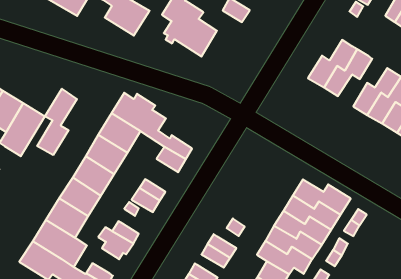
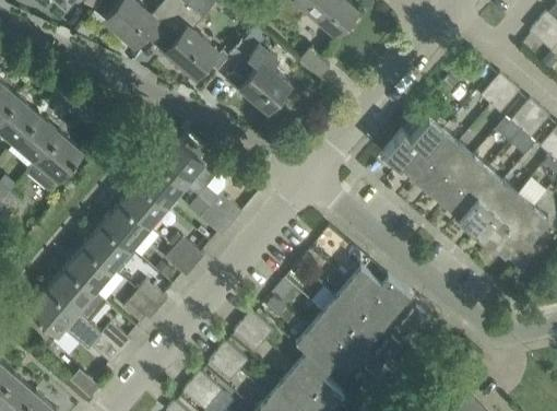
building: none -> [414,143,474,193]
building: [37,89,77,155] -> none

